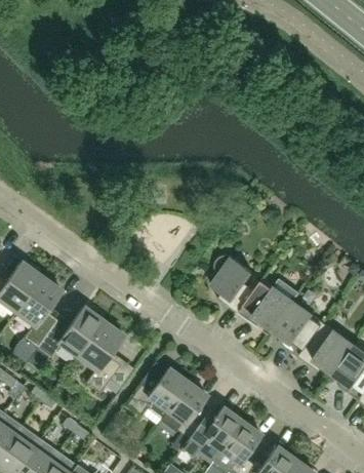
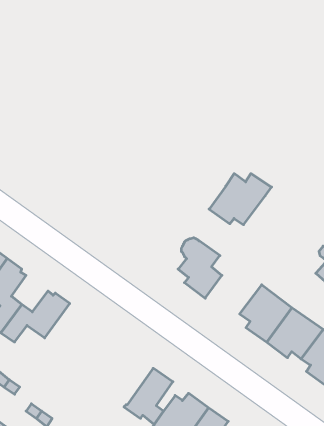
building: [239,279,300,329] -> [209,174,272,225]
building: [81,319,125,394] -> none
building: [126,368,188,419] -> none

